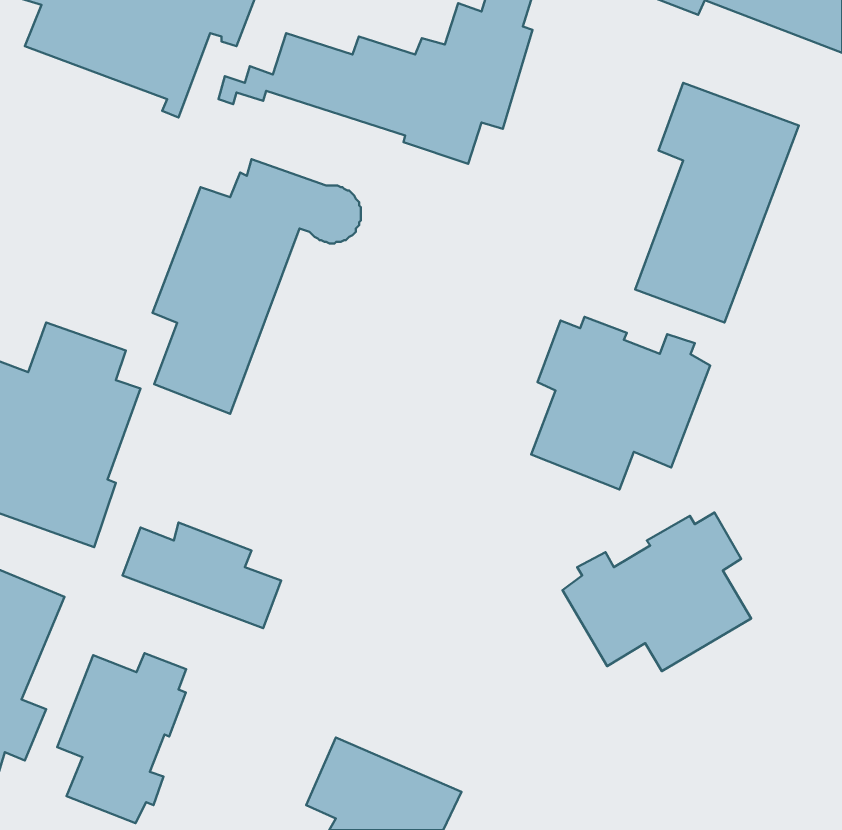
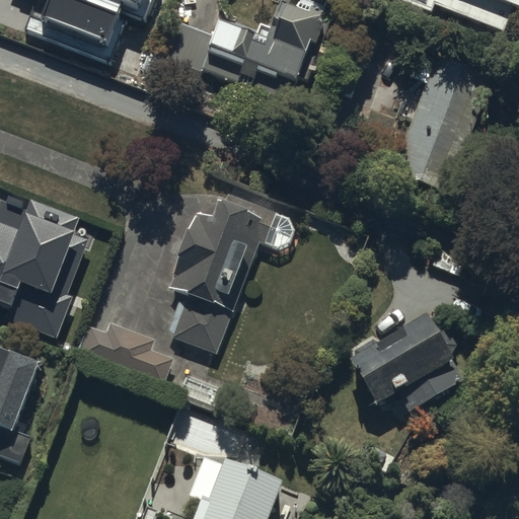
building: [152,159,361,414] -> [166,195,294,351]
building: [531,317,710,489] -> none
building: [57,653,186,823] -> none

